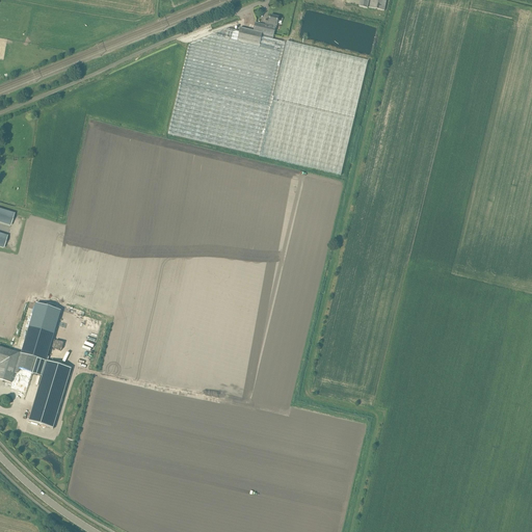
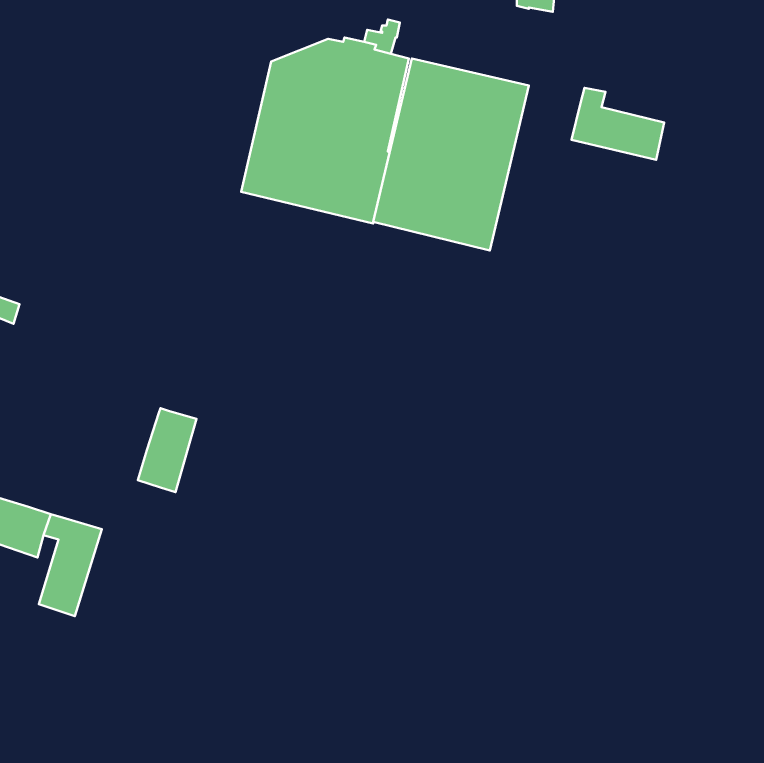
building: none -> [571,88,664,160]
building: [20,301,60,360] -> [138,408,196,492]

